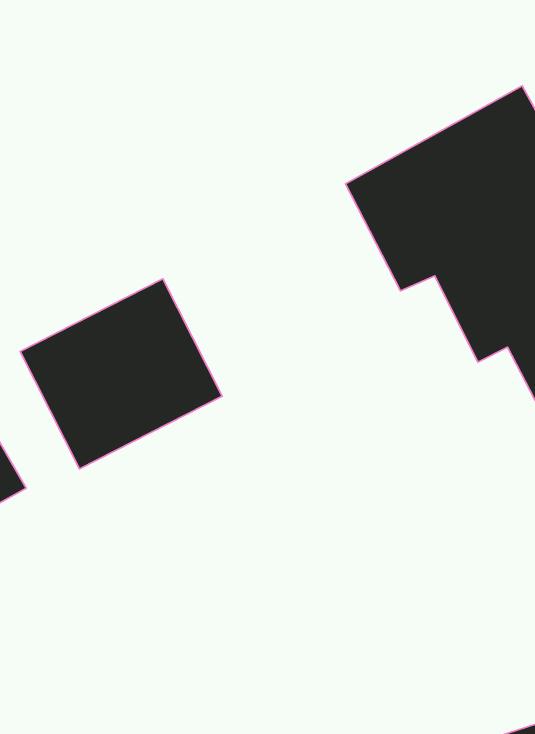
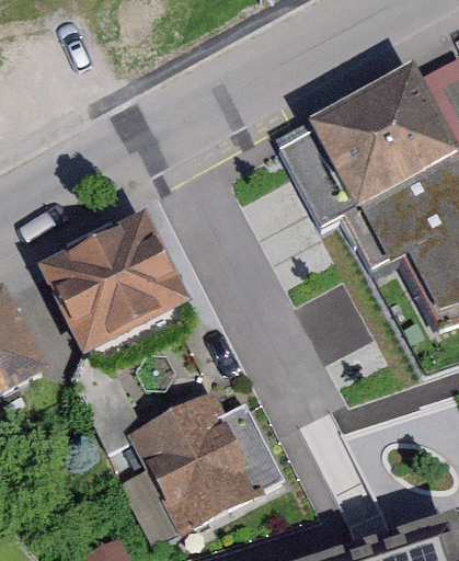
building: none -> [130,389,284,530]

